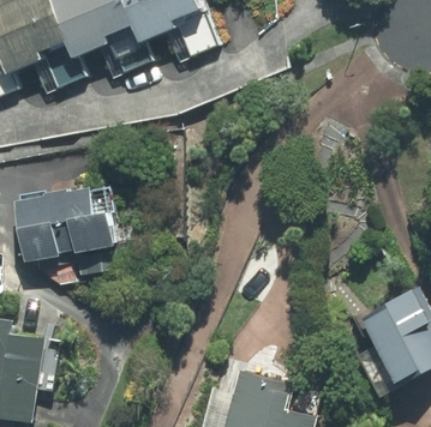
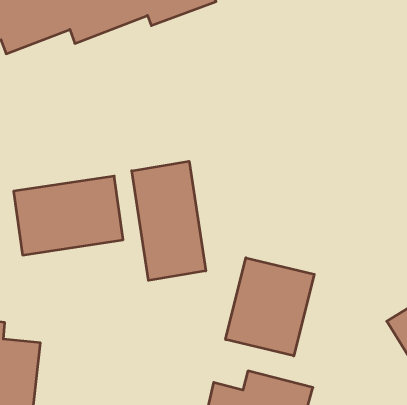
building: none -> [132,161,206,280]
building: none -> [226,258,314,356]

